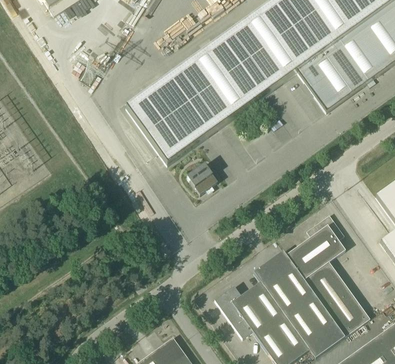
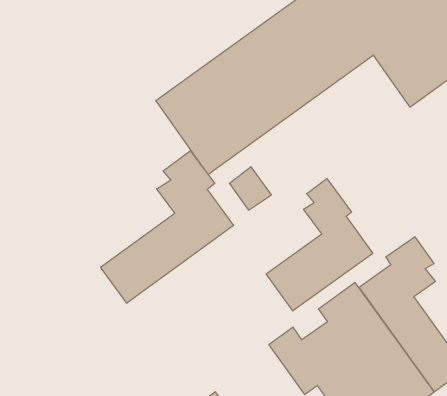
building: none -> [101,151,234,303]
building: none -> [266,179,373,311]

